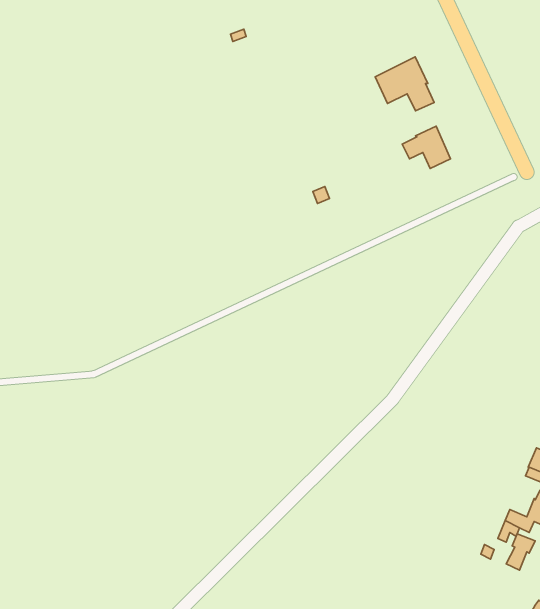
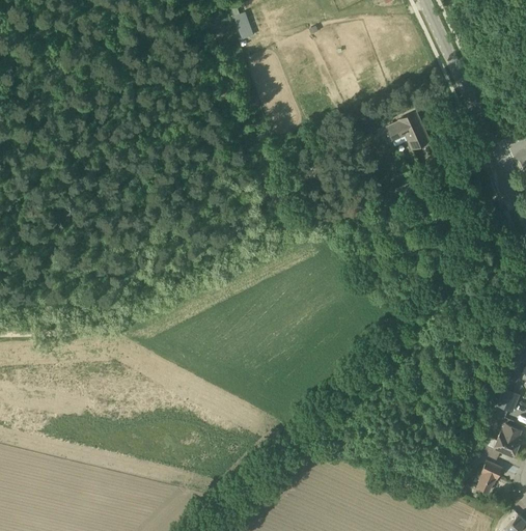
building: [375,57,434,111] -> none

